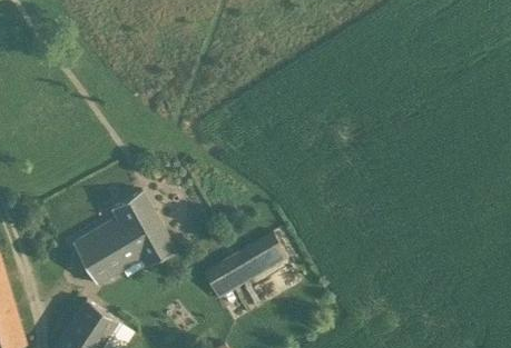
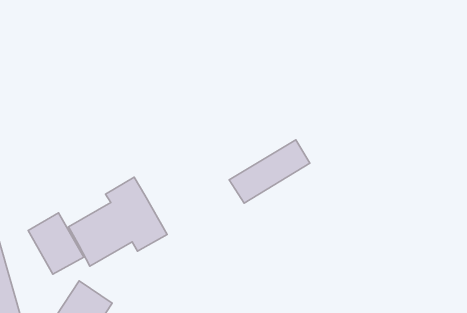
building: none -> [28,213,84,274]
building: [203,232,287,299] -> [229,140,310,203]

